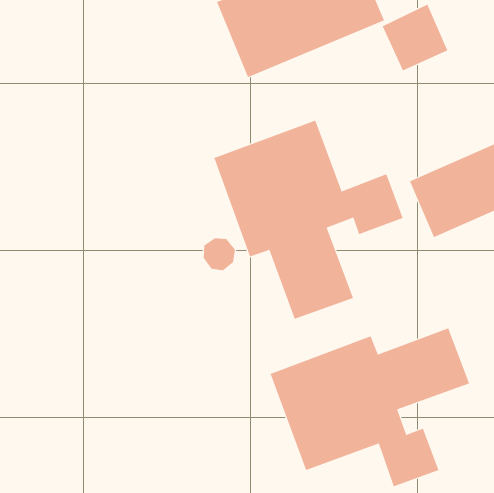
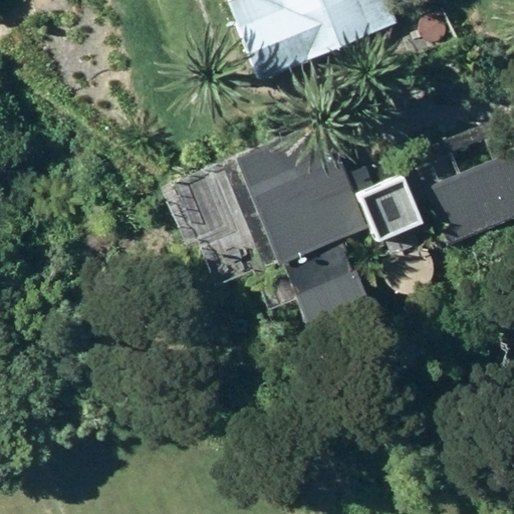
building: [270,327,470,487] -> none

